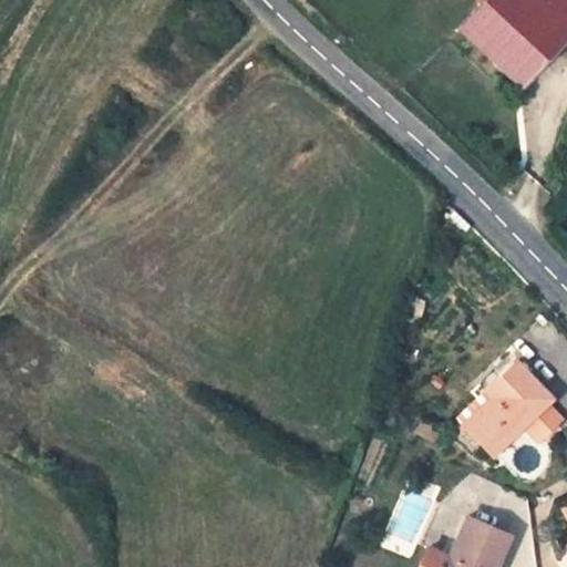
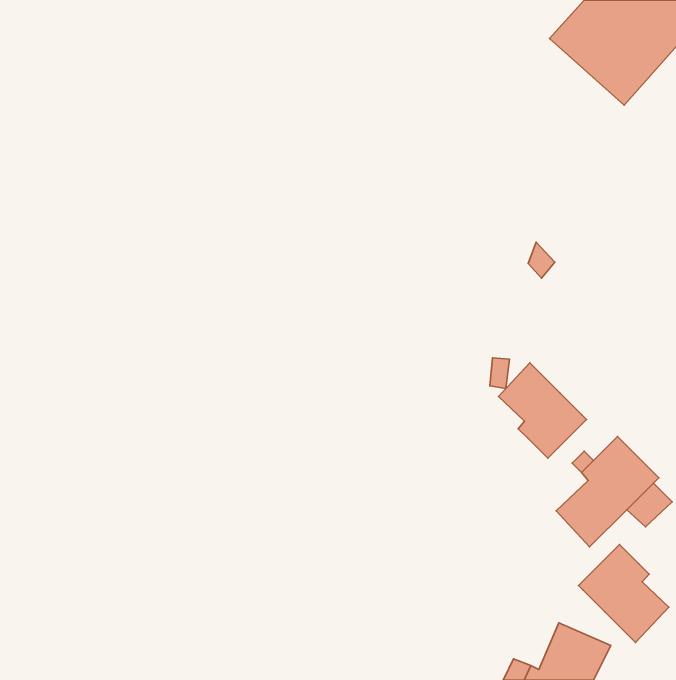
building: none -> [498,363,586,458]
building: none -> [579,545,669,642]

